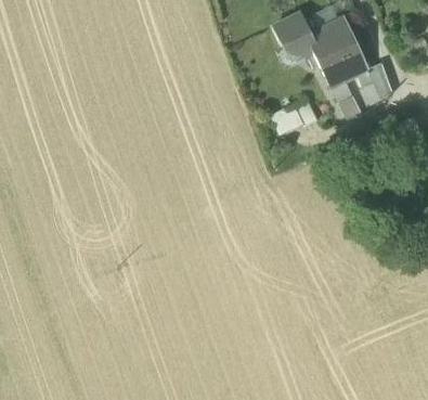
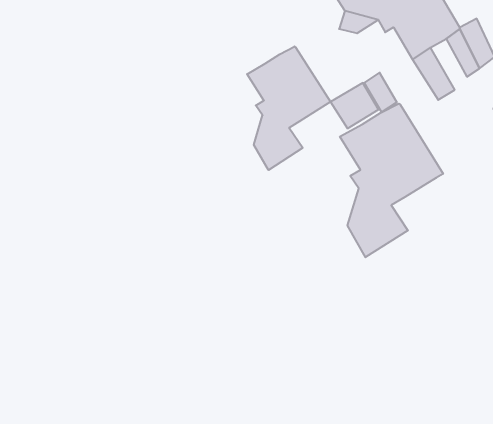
building: none -> [247,46,331,170]
building: none -> [340,104,443,257]

